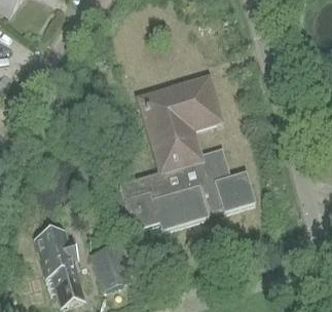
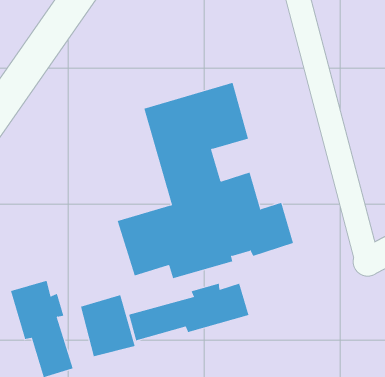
building: none -> [128,283,249,341]

